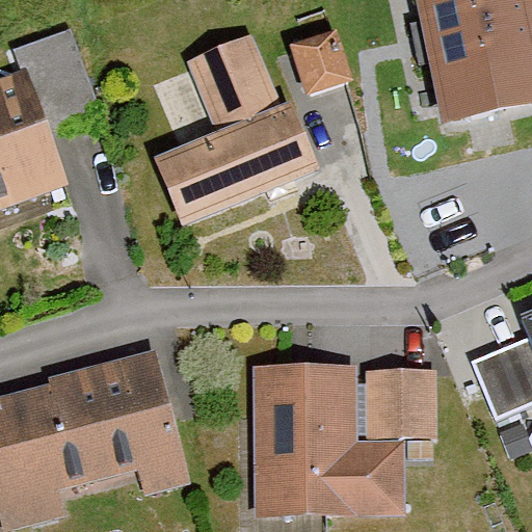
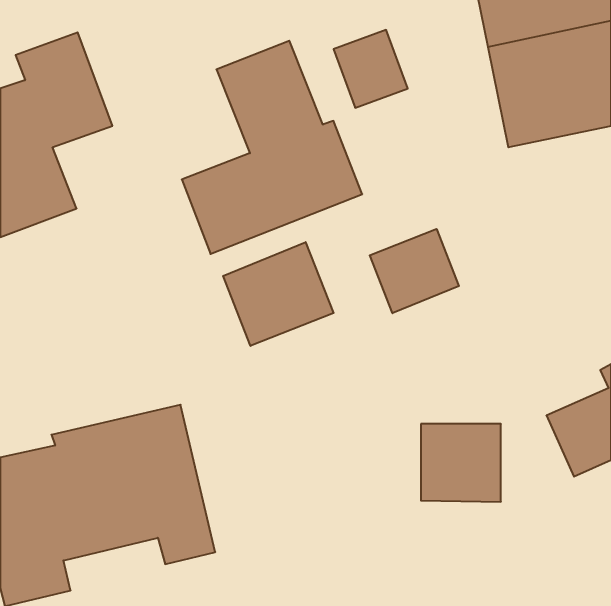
building: none -> [370,229,459,313]
building: none -> [223,242,334,346]
building: [254,366,402,512] -> none

